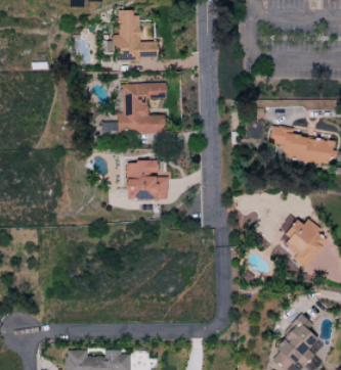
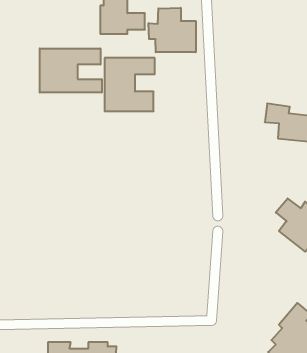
building: none -> [149,8,196,52]
building: none -> [40,48,102,93]
building: [126,160,168,199] -> none

